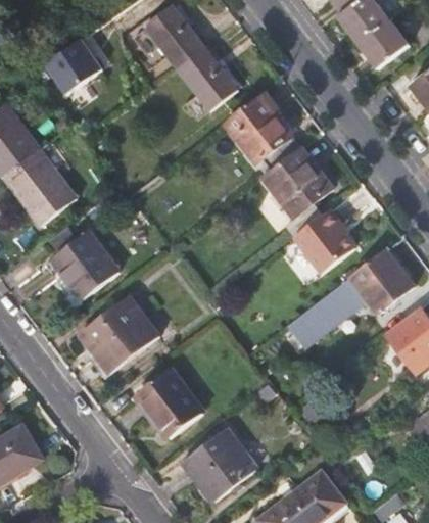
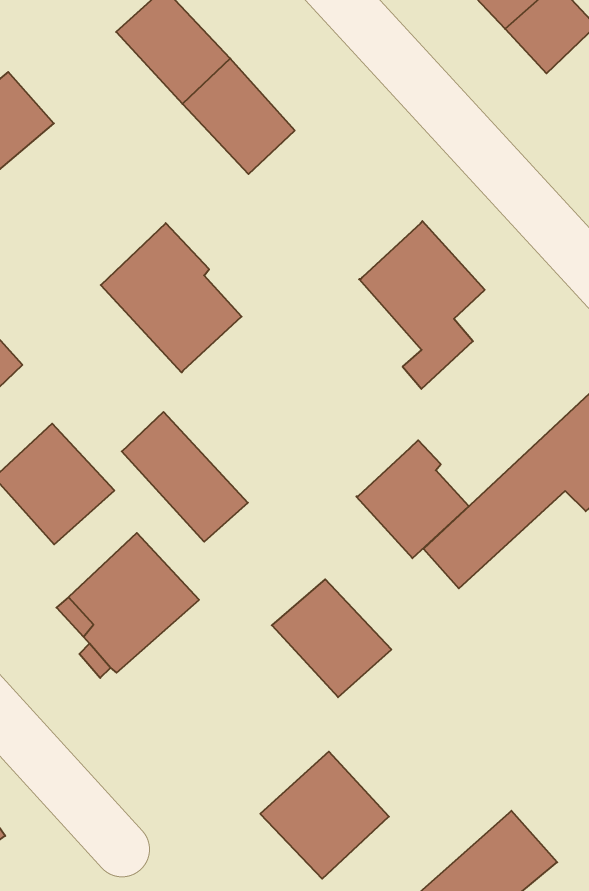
building: [225,89,300,172] -> [101,223,242,372]
building: [291,207,352,272] -> [356,440,469,558]
building: none -> [122,412,248,542]
building: [136,373,200,438] -> [272,579,391,697]

